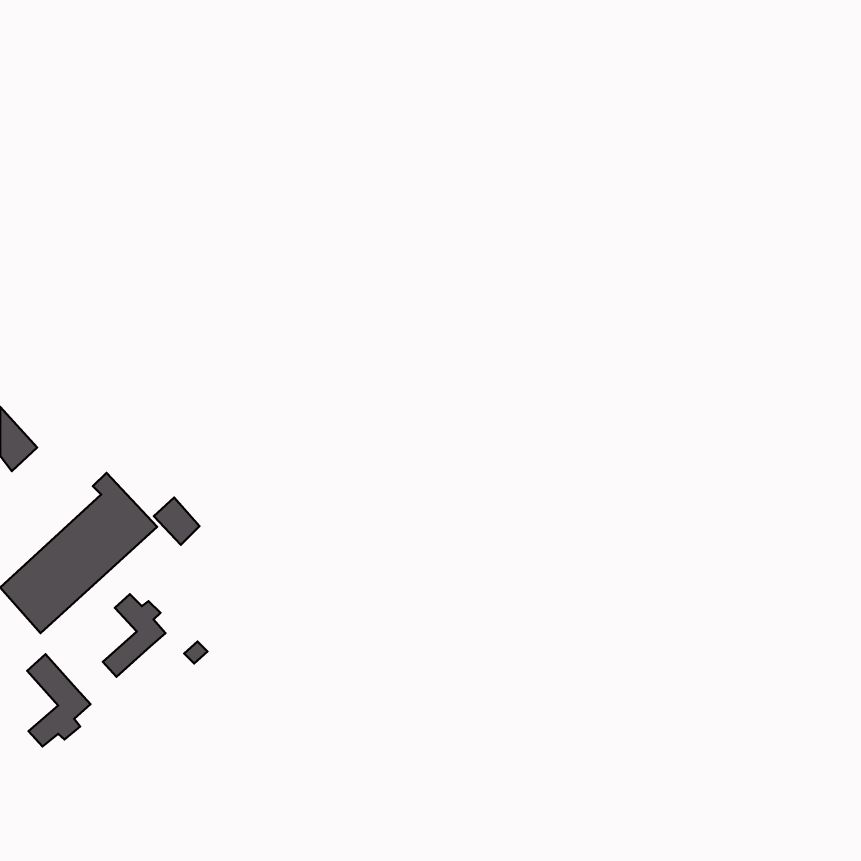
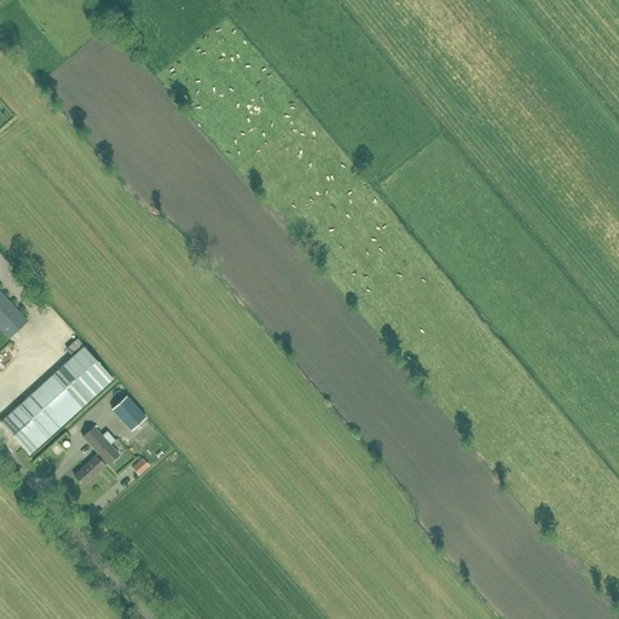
building: [154,497,199,545] -> [111,398,144,432]
building: [27,654,90,747] -> none

